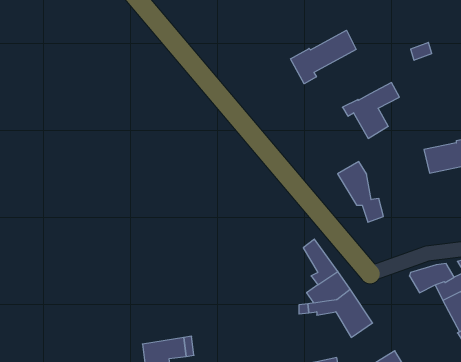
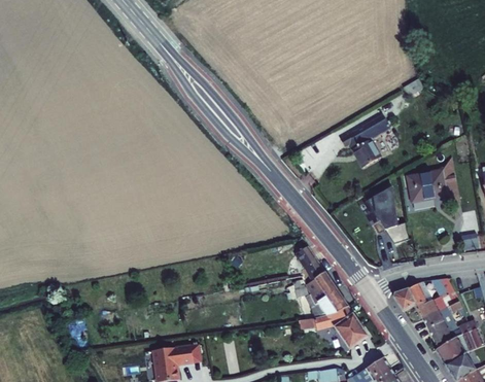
building: [291,30,356,84] -> none
building: [338,162,383,222] -> [369,189,411,245]

